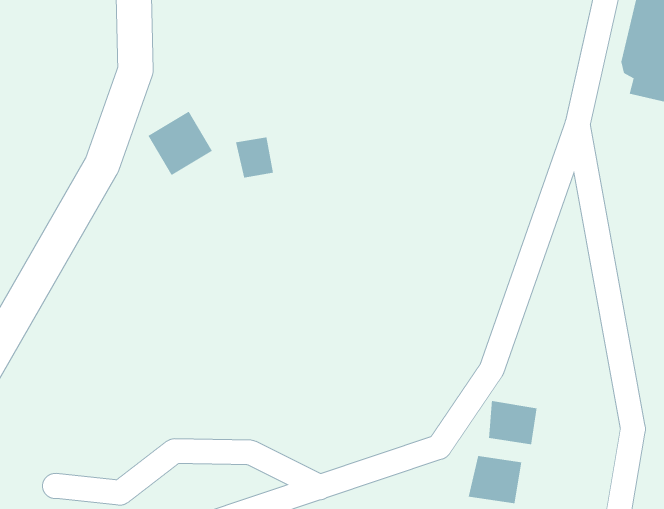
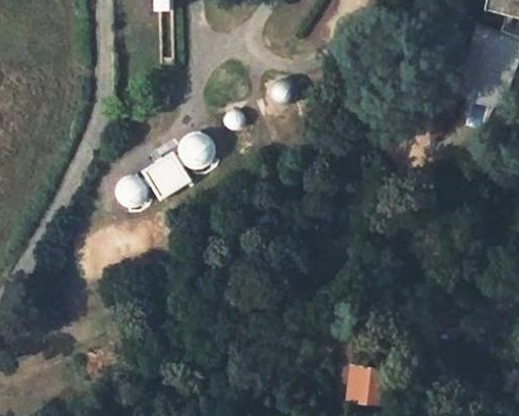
building: [148,111,213,176] -> [141,150,189,198]
building: [489,400,537,445] -> none

